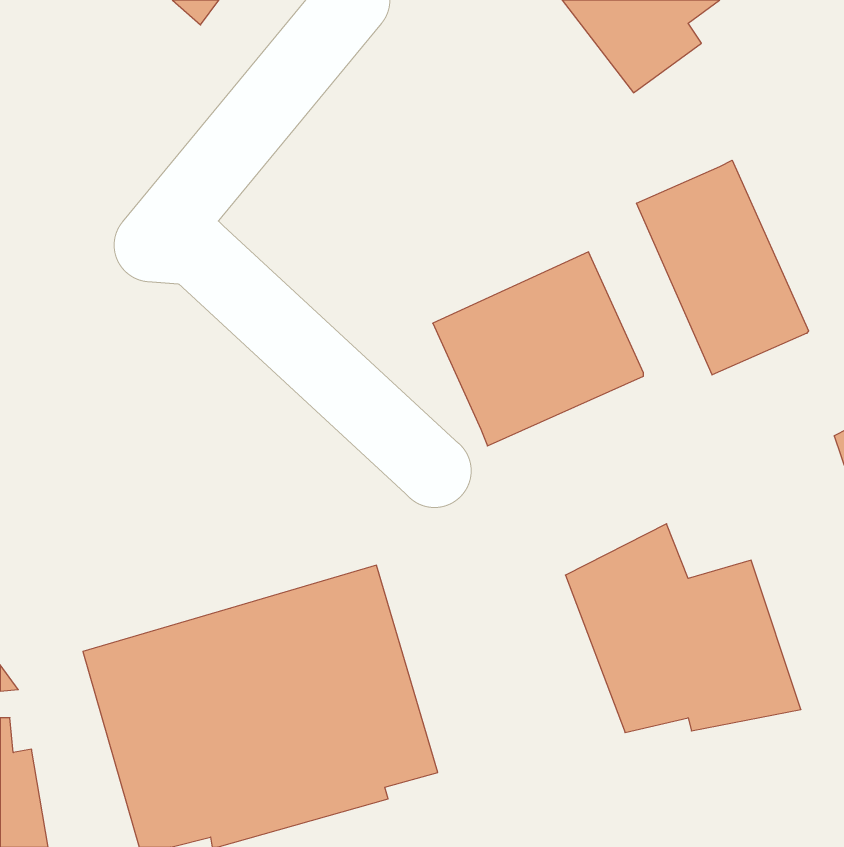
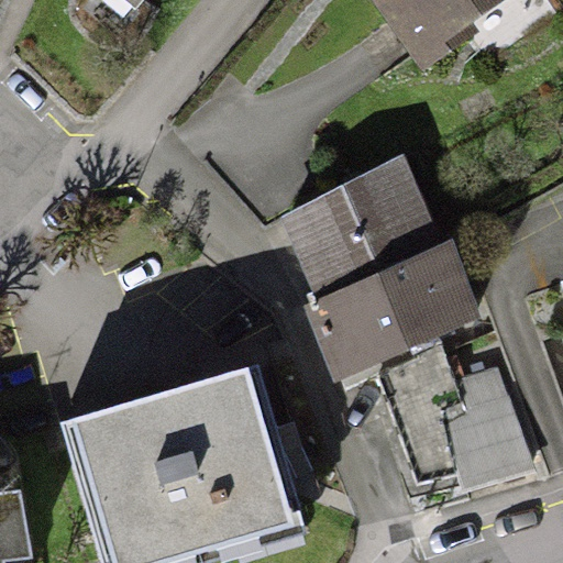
building: [637,160,808,375] -> none
building: none -> [311,238,482,376]

